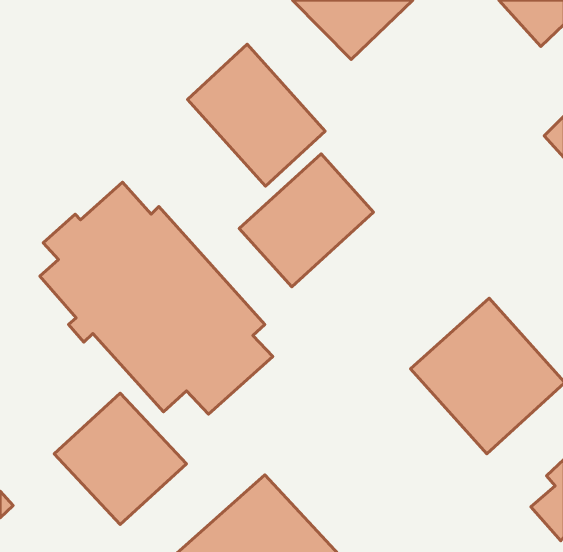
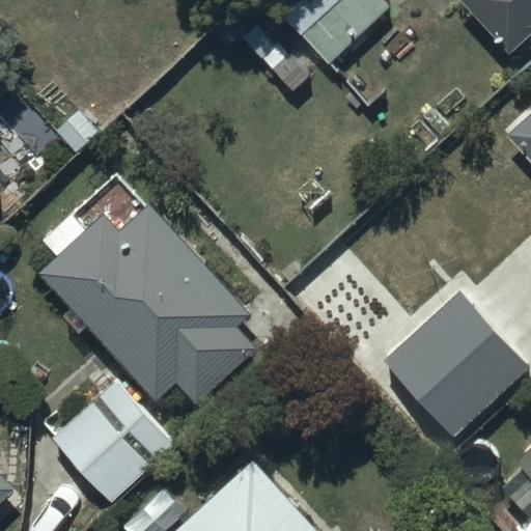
building: [187,44,325,186] -> none
building: [239,154,374,287] -> none

